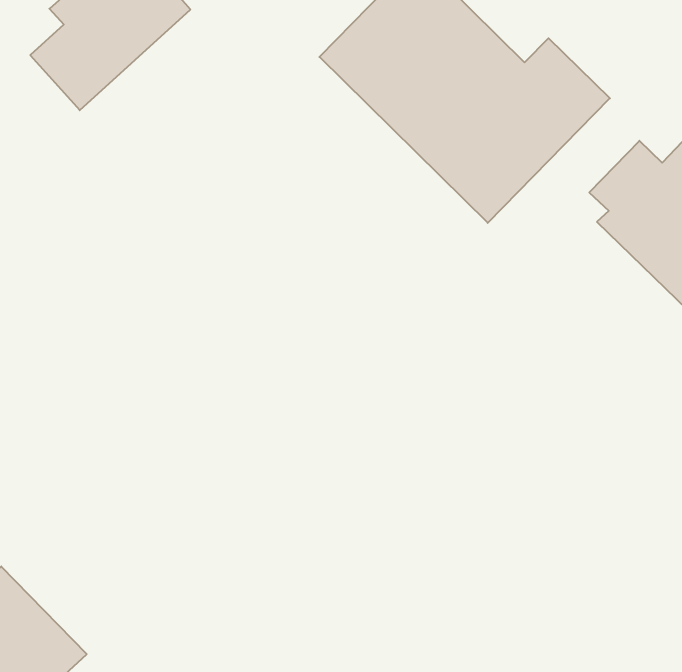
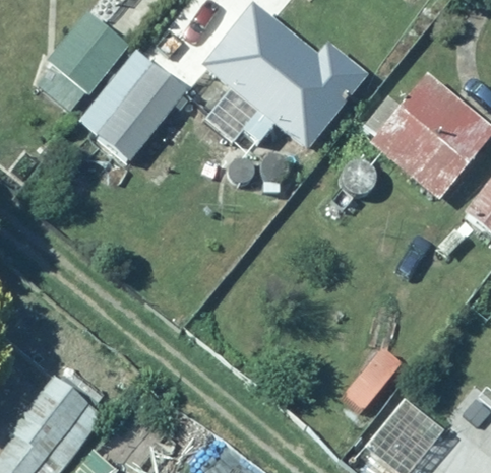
building: none -> [95,62,190,160]

